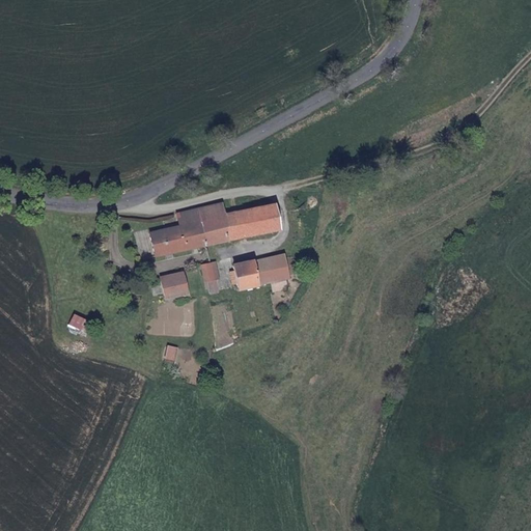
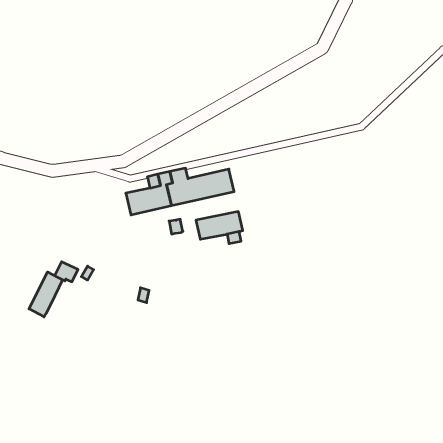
building: [162,272,189,298] -> none
building: none -> [29,272,63,317]

